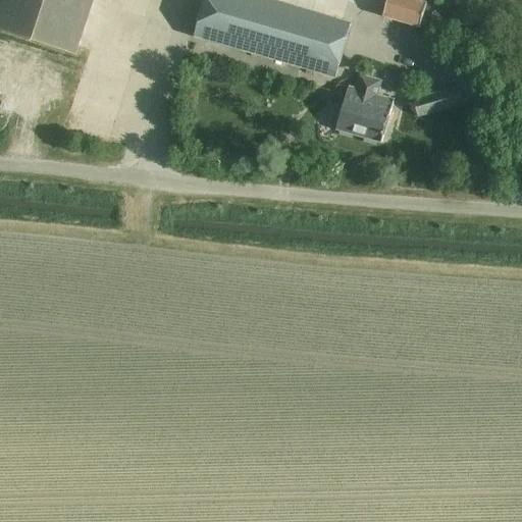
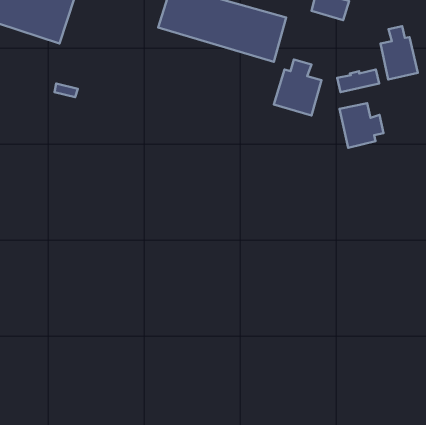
building: none -> [381,26,418,79]
building: none -> [340,103,383,148]

